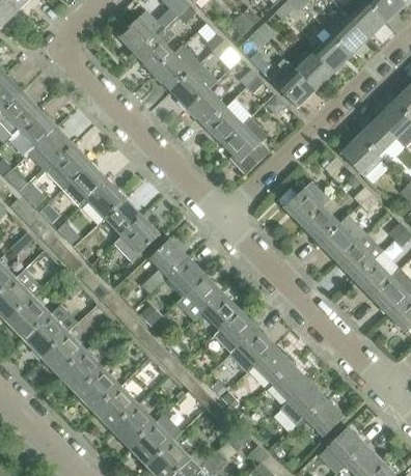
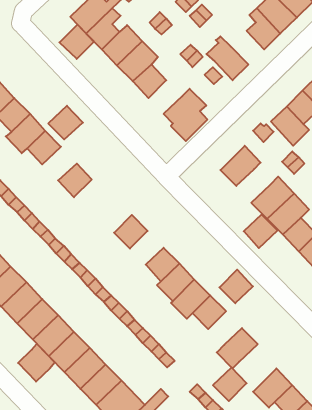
building: none -> [59,24,94,59]
building: [296,52,333,89] -> none
building: [204,107,242,144] -> none
building: [86,180,125,218] -> [48,106,83,139]
building: [302,205,339,243] -> [244,214,277,248]
building: [114,217,159,261] -> none
building: [141,239,186,293] -> none
building: [184,274,221,311] -> none
building: [271,363,308,400] -> [219,270,253,303]
building: none -> [18,344,55,382]
building: [305,399,342,437] -> [213,367,247,401]

